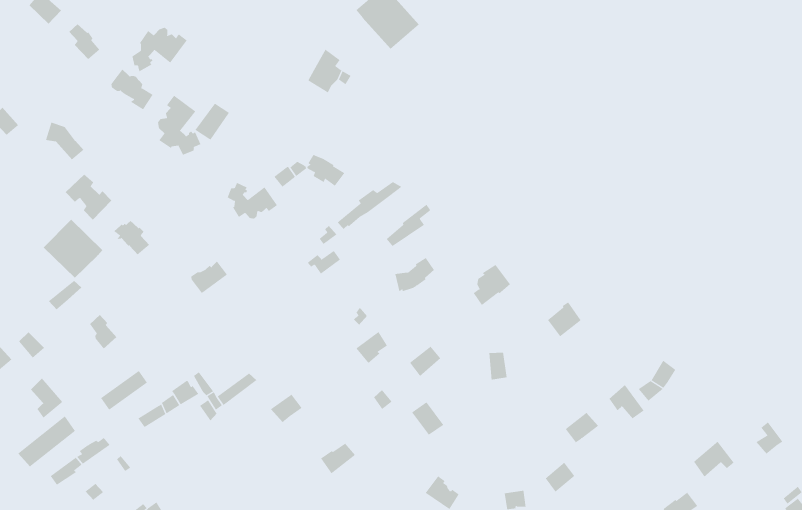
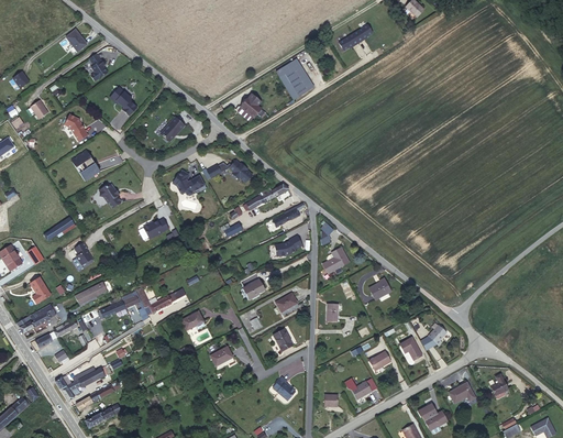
building: [132,27,187,72] -> none
building: [157,95,201,155] -> none
building: [43,219,103,279] -> none

